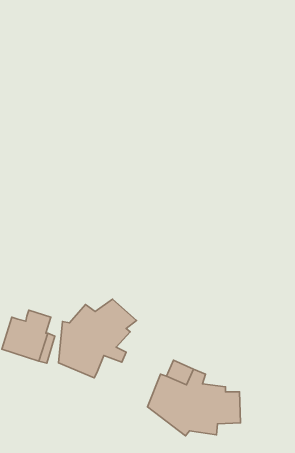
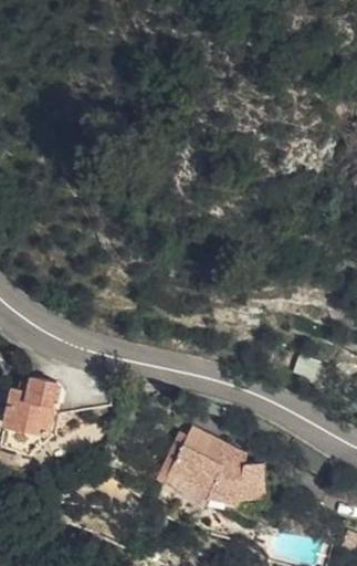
building: [58,299,136,378] -> none

